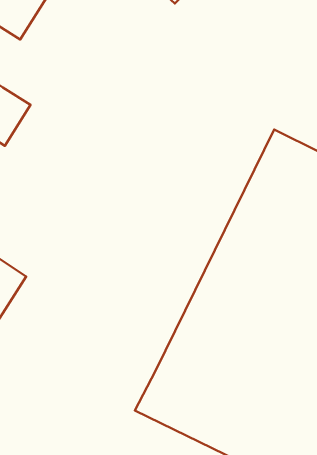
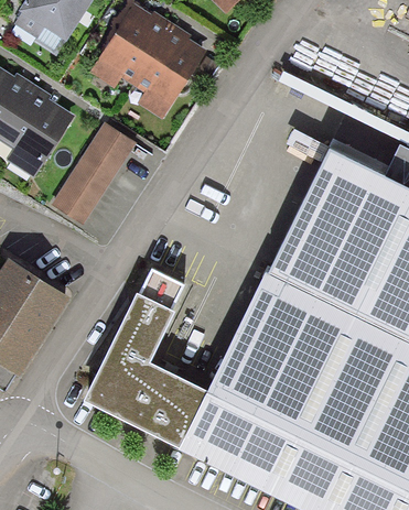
building: none -> [92,10,201,117]
building: none -> [51,124,133,223]
building: none -> [86,262,204,447]

